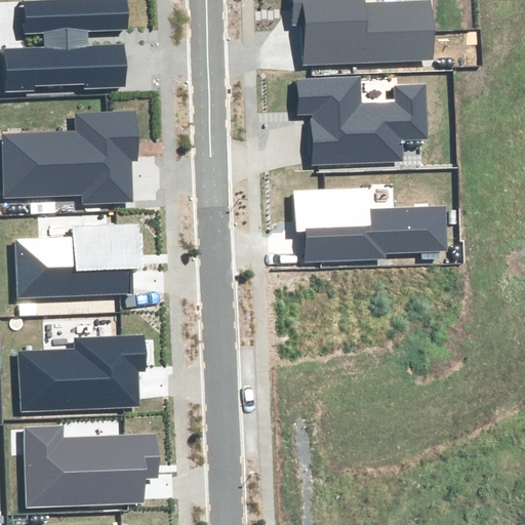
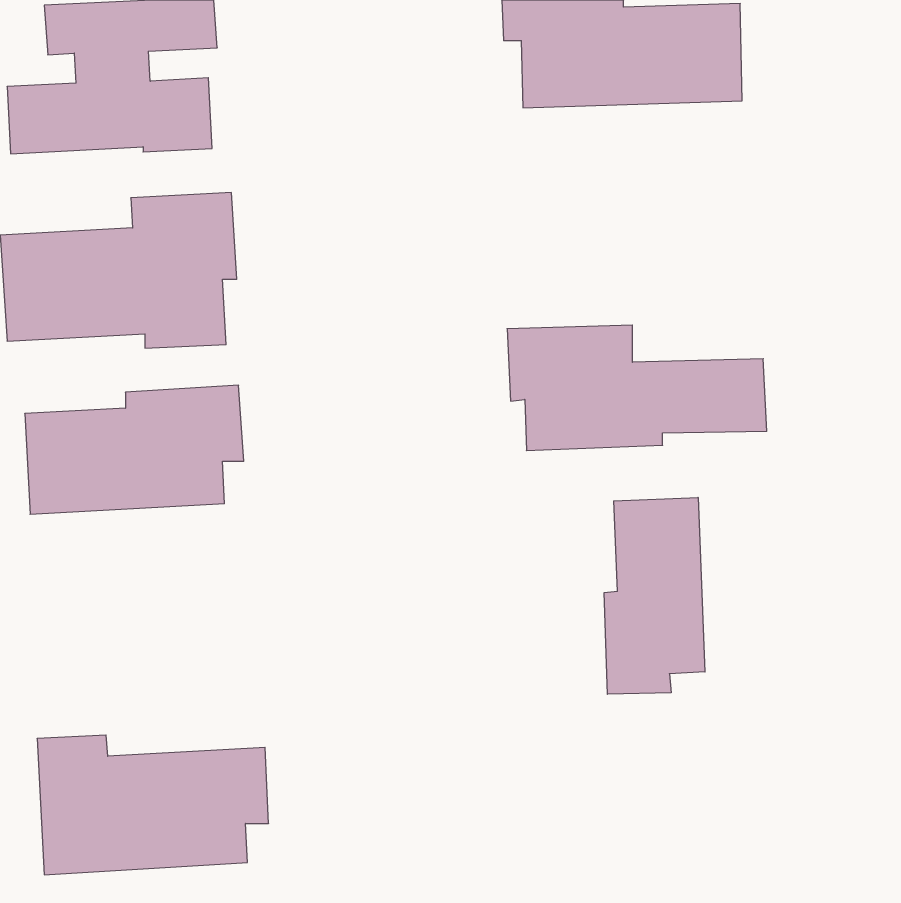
building: [297,79,425,163] -> none
building: none -> [604,497,705,694]
building: [18,335,145,411] -> none

